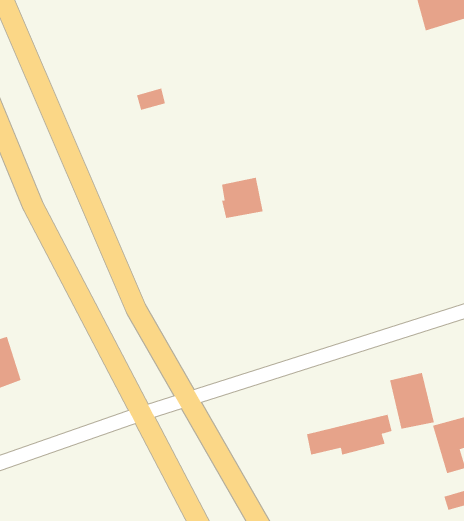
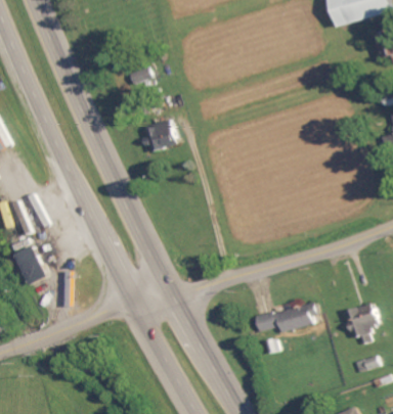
building: [221,177,264,218] -> [145,121,176,150]
building: [390,372,435,429] -> none

